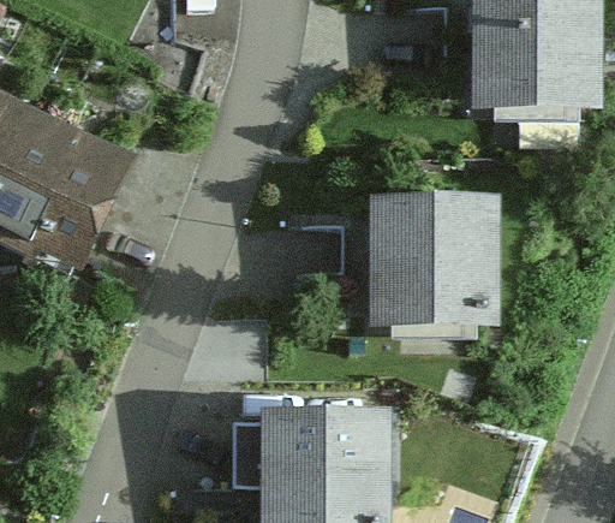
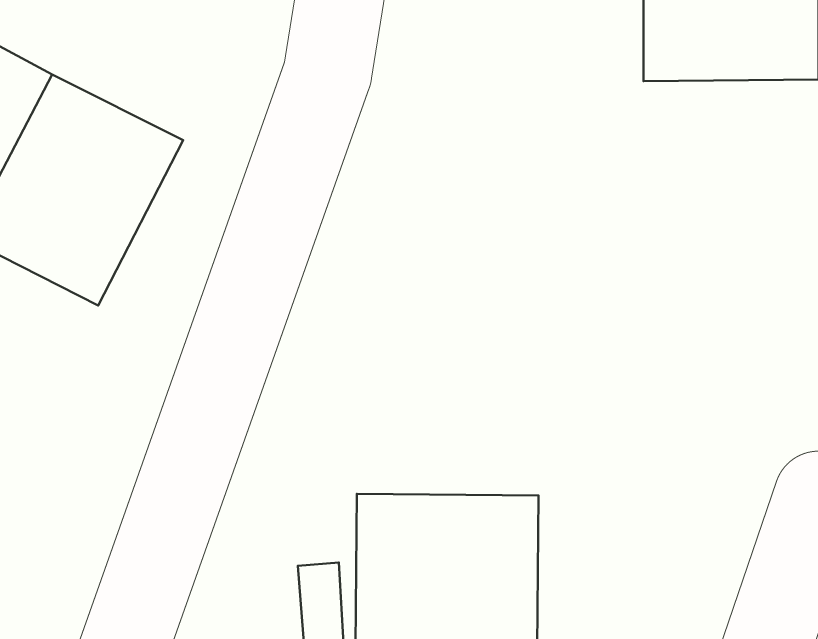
building: [369,200,500,333] -> none

